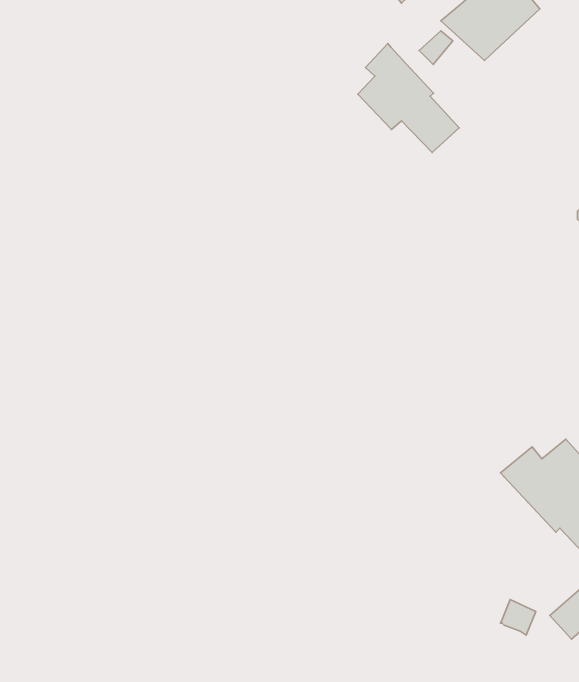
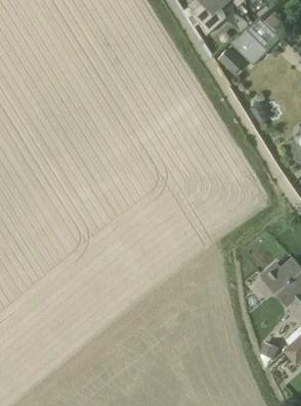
building: [358,44,459,153] -> none

